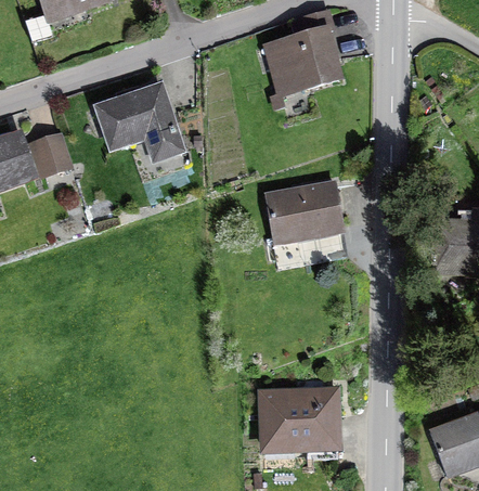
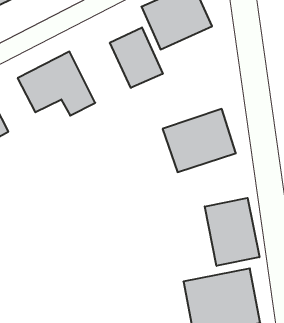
building: none -> [110,27,163,88]
building: none -> [205,198,259,266]

